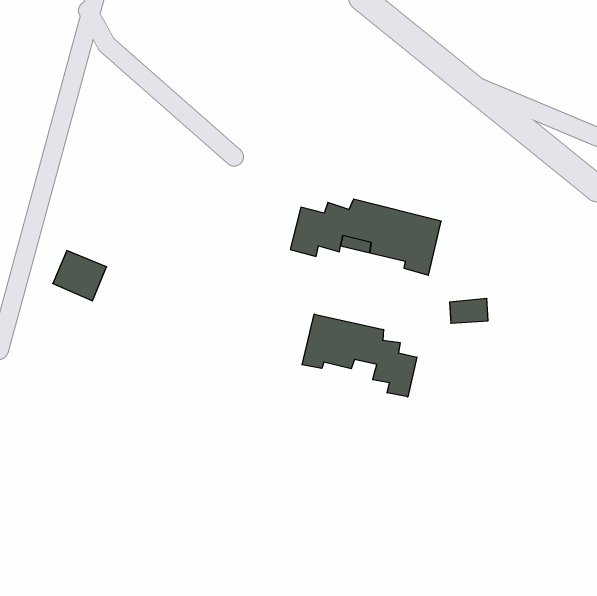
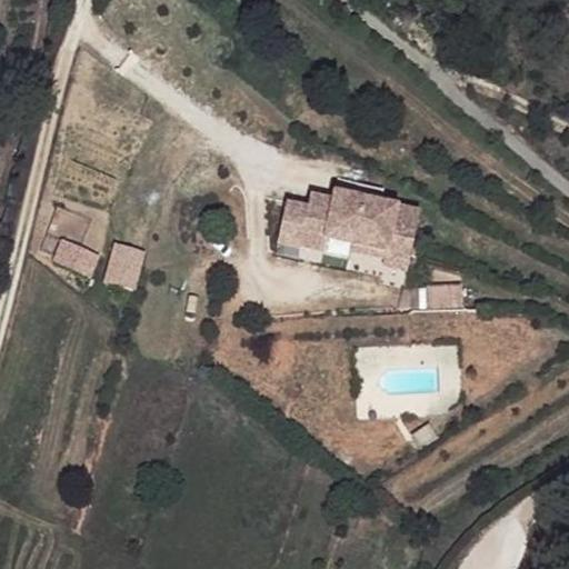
building: none -> [104,241,147,289]
building: [302,314,417,397] -> none

